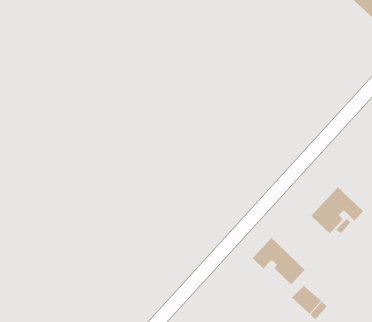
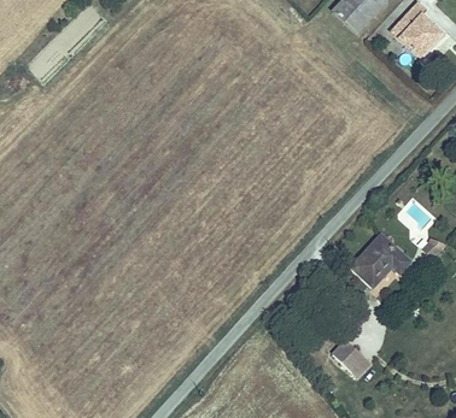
building: [252,237,306,285] -> none

